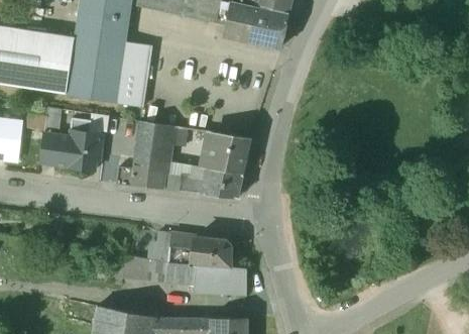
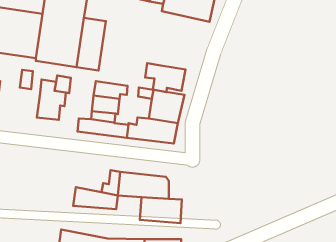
building: none -> [145,63,186,92]
building: [42,132,72,166] -> none
building: [166,263,198,283] -> none

